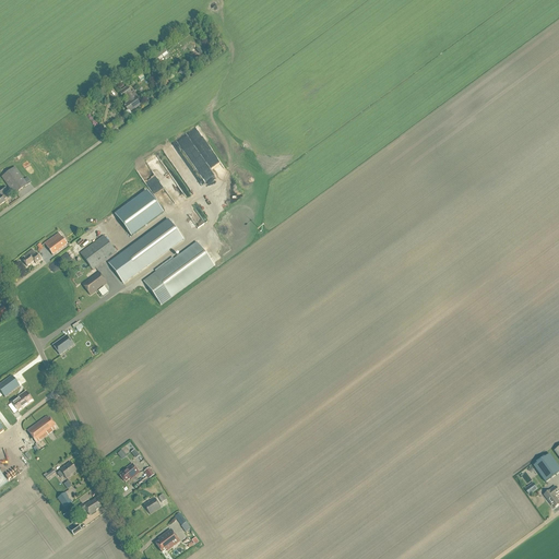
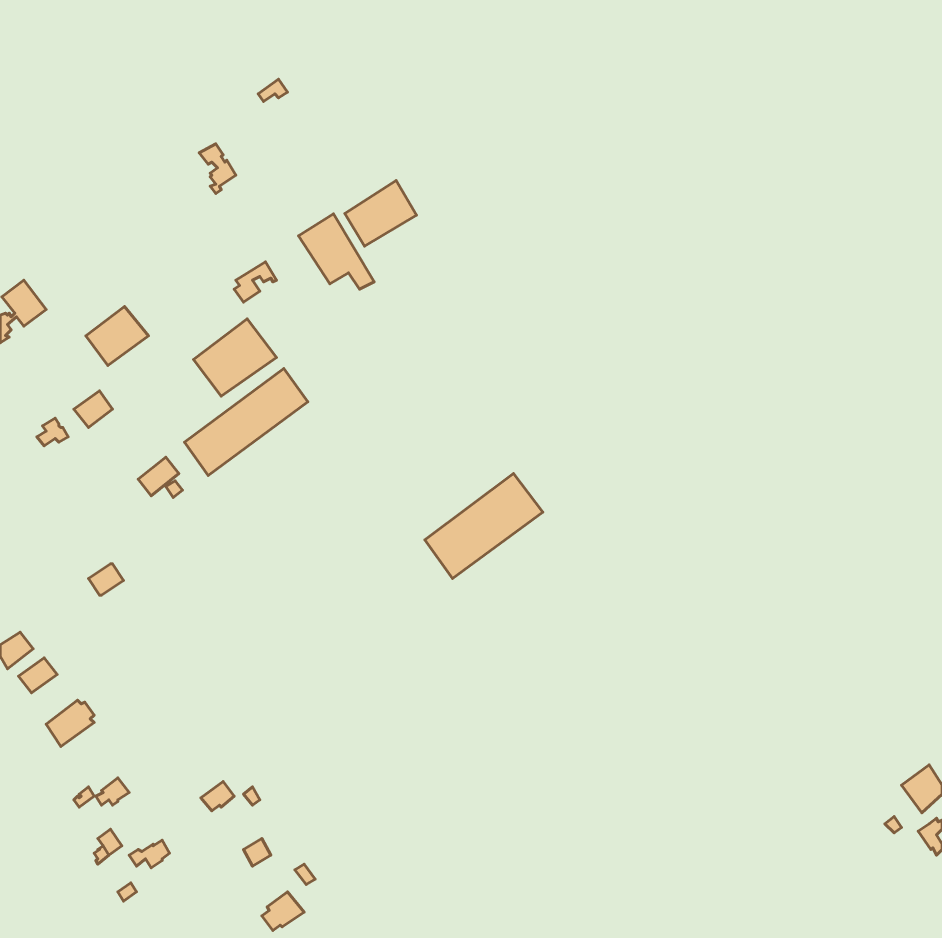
building: none -> [345,181,417,246]
building: [80,234,117,269] -> [86,306,148,365]
building: [144,241,214,304] -> [425,473,543,578]

